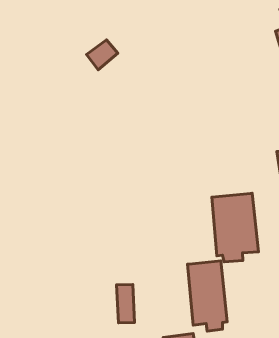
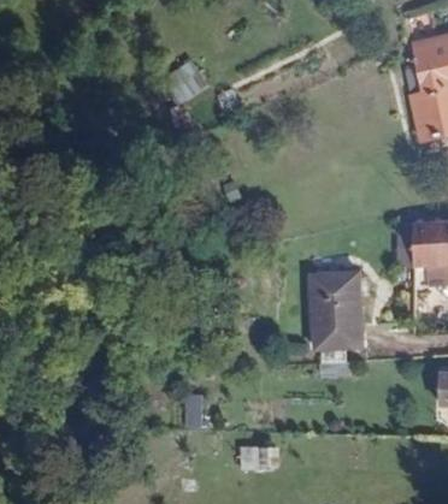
building: [188,261,227,331] -> none

